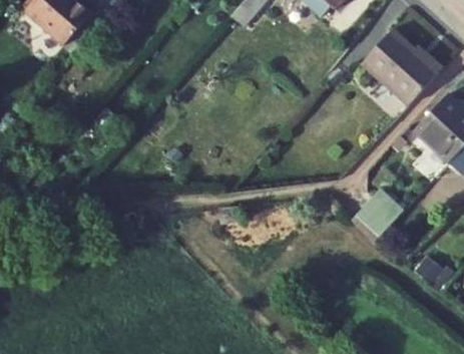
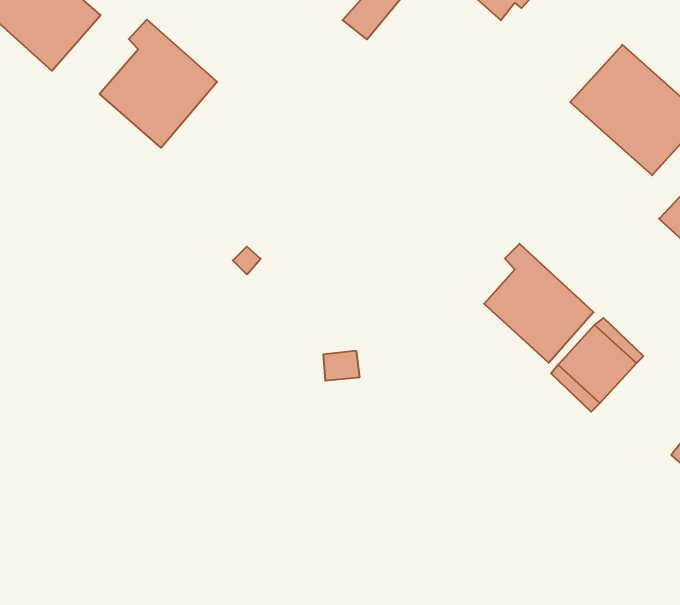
building: none -> [100,20,217,148]
building: none -> [484,244,594,363]

